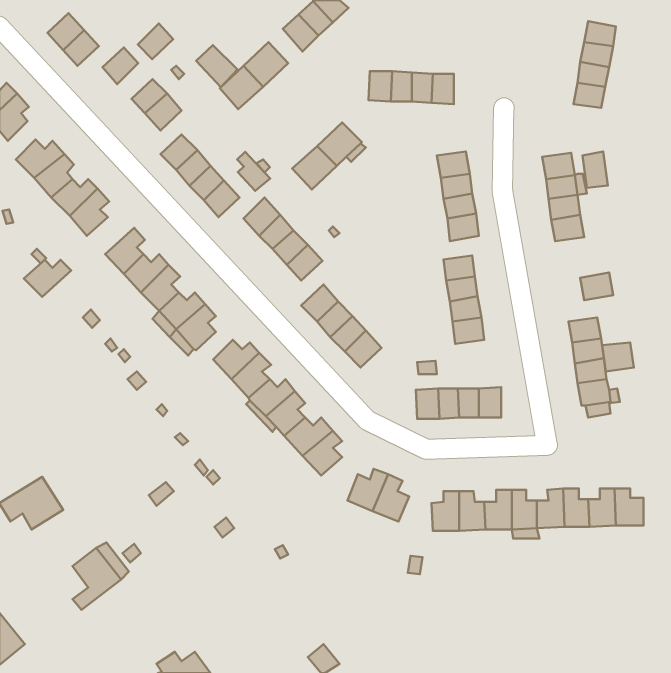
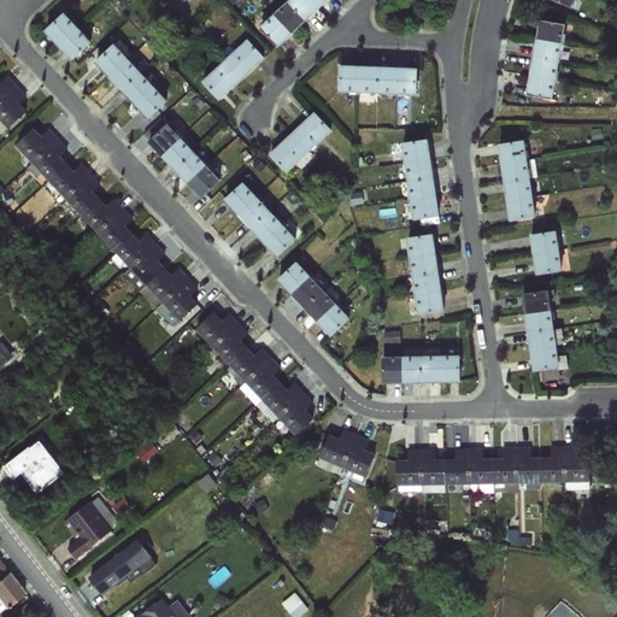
building: [138,23,173,59] -> [107,58,140,90]
building: [196,45,238,87] -> none
building: [583,152,608,188] -> none
building: [237,152,270,191] -> none
building: none -> [529,230,558,254]
building: [24,260,71,297] -> [80,199,123,233]
building: [602,342,634,372] -> none
building: none -> [81,539,151,595]

